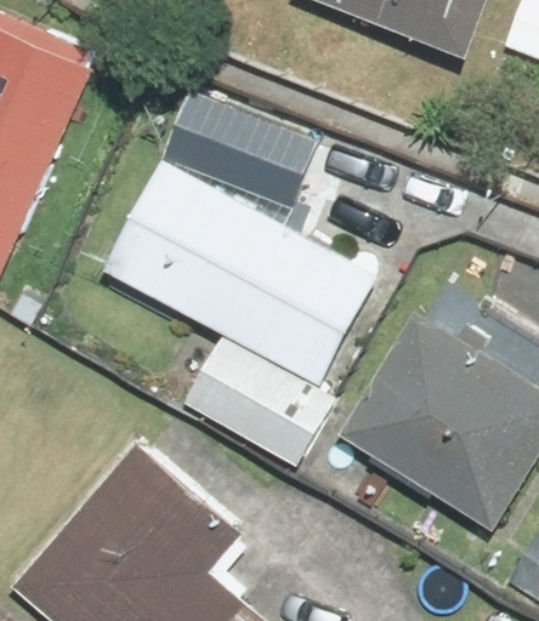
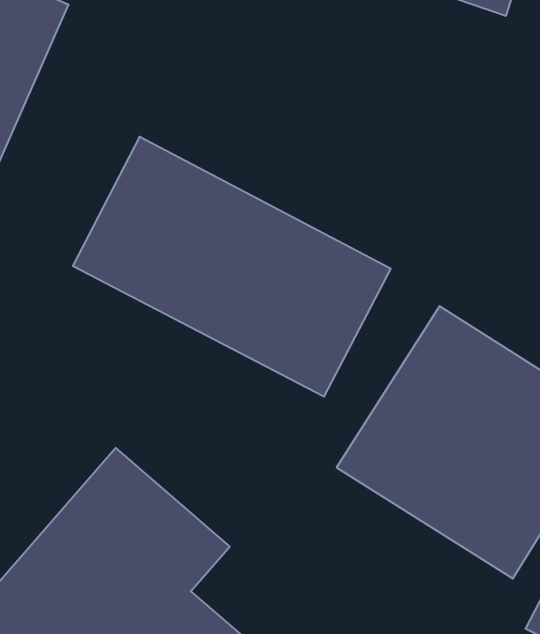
building: [160,92,317,210] -> none
building: [185,342,333,466] -> none

